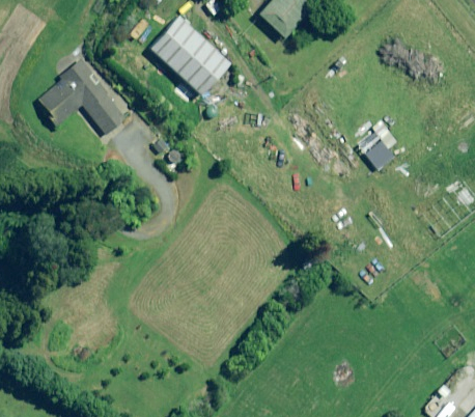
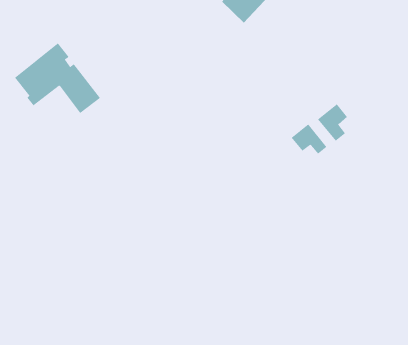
building: [149,16,230,94] -> none
building: none -> [291,123,327,155]

